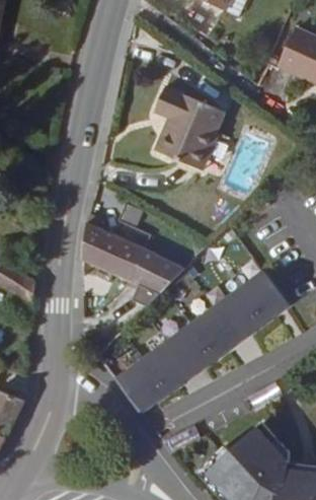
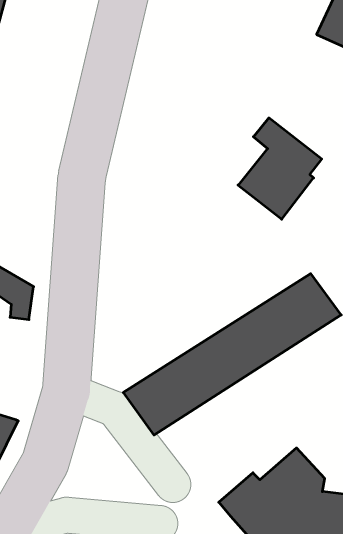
building: [154,75,226,162] -> [238,118,322,219]
building: [85,227,190,293] -> none

